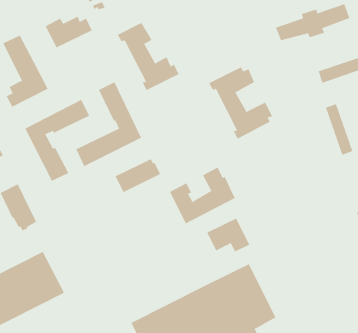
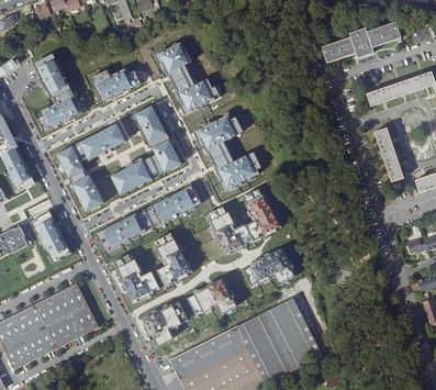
building: [45,16,93,48] -> [90,67,141,101]
building: [208,67,273,139] -> [193,114,261,191]
building: none -> [96,212,146,248]
building: none -> [154,232,192,287]
building: none -> [116,258,160,302]
building: none -> [188,279,236,315]
building: none -> [143,301,188,346]

